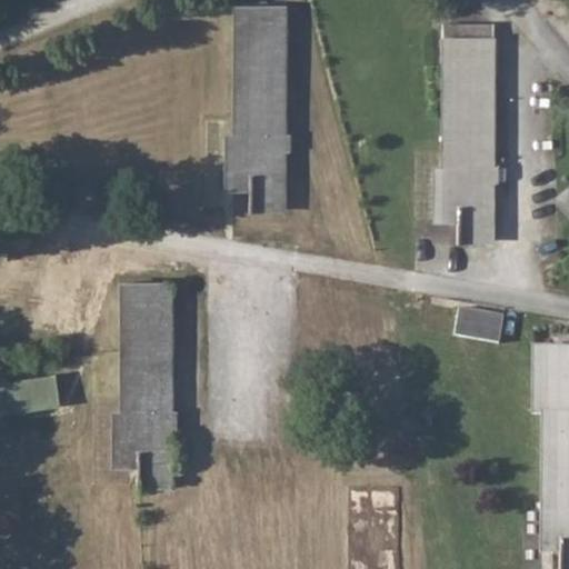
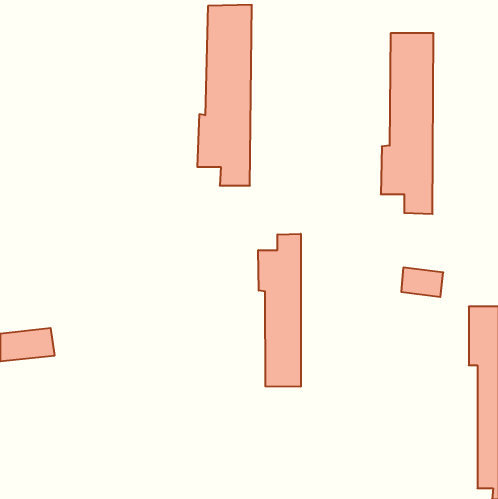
building: none -> [258,234,301,387]
building: [111,287,172,492] -> none

